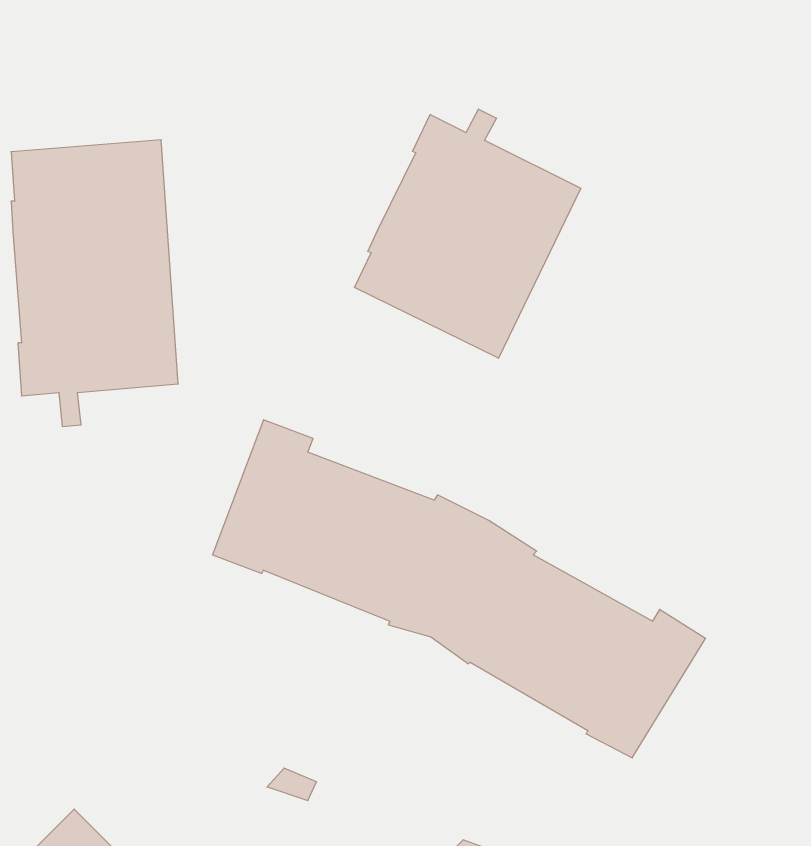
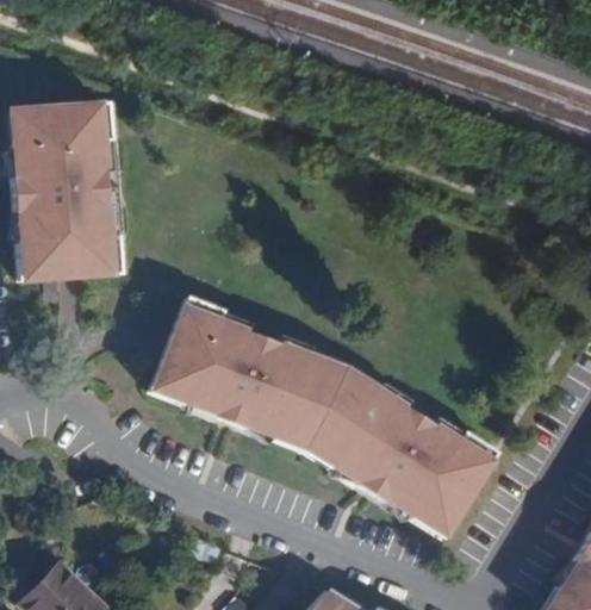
building: [355,109,581,358] -> none

